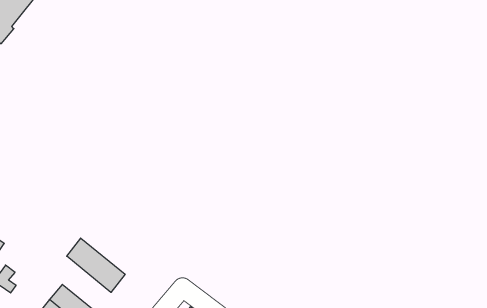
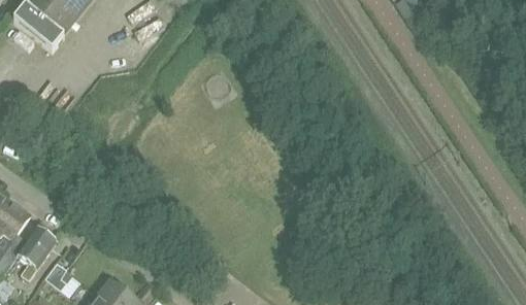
building: [67,238,125,292] -> none

